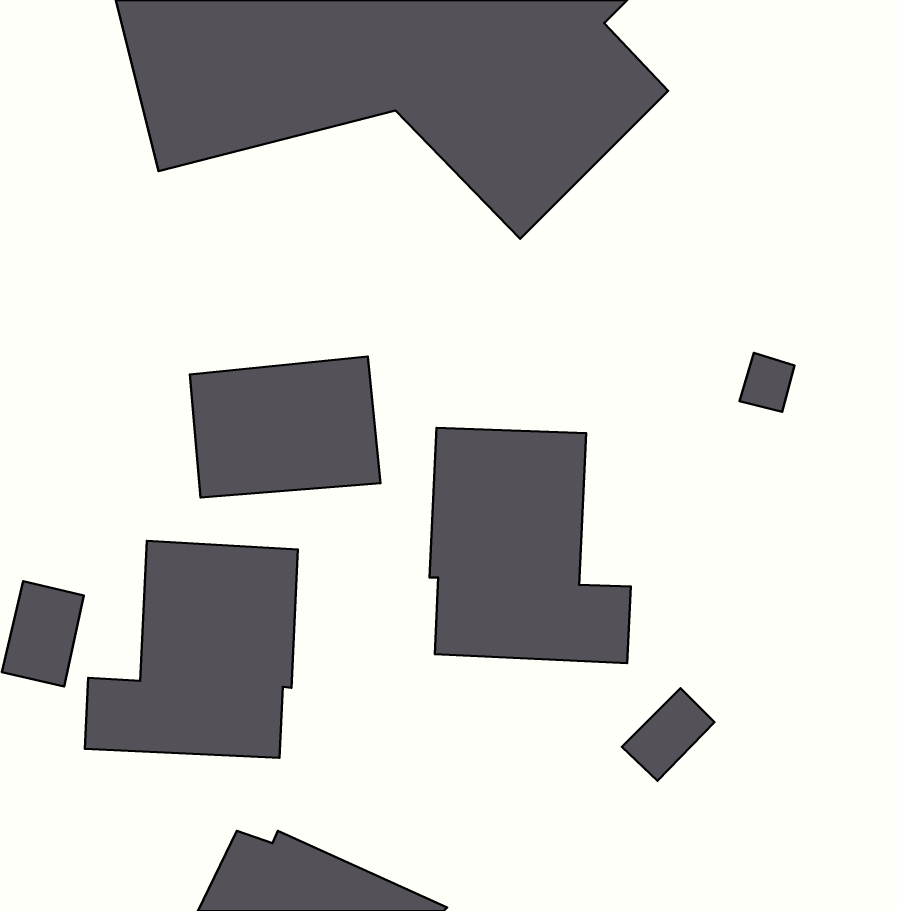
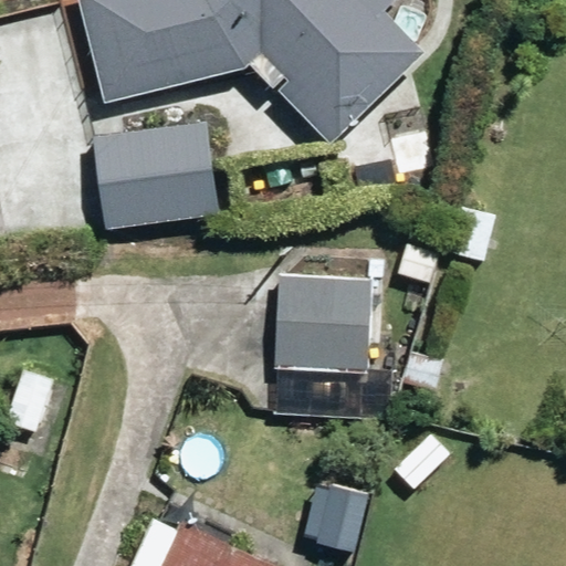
building: [190,357,380,497] -> [94,128,212,216]
building: [85,541,298,758] -> none

